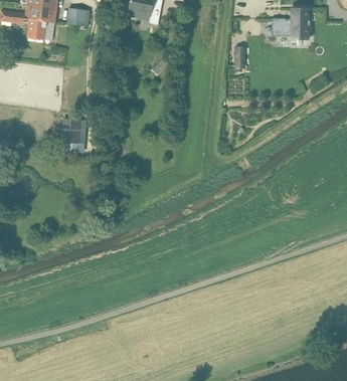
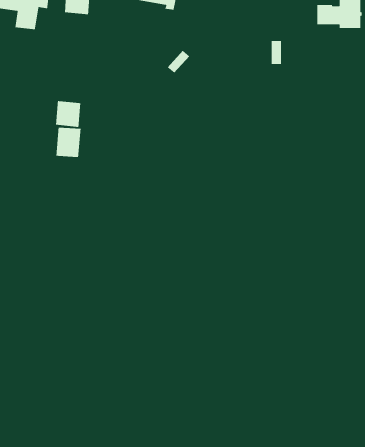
building: none -> [55,100,81,128]

